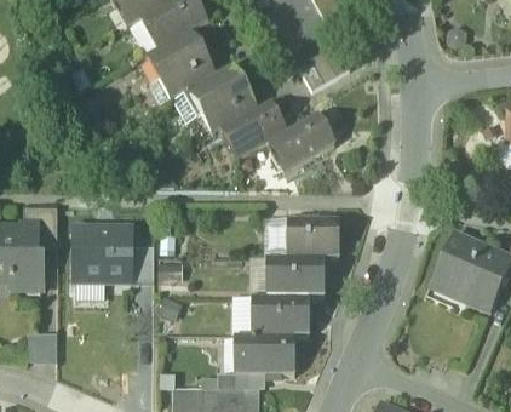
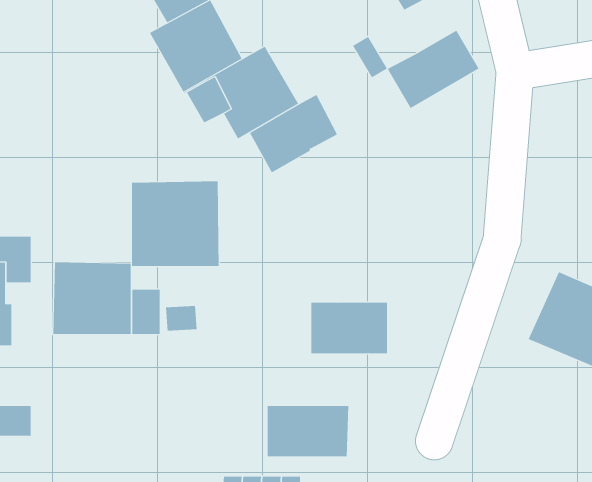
building: [266,111,335,171] -> [388,30,479,109]
building: none -> [131,180,219,267]
building: [287,217,339,256] -> none
building: [252,294,310,333] -> none

